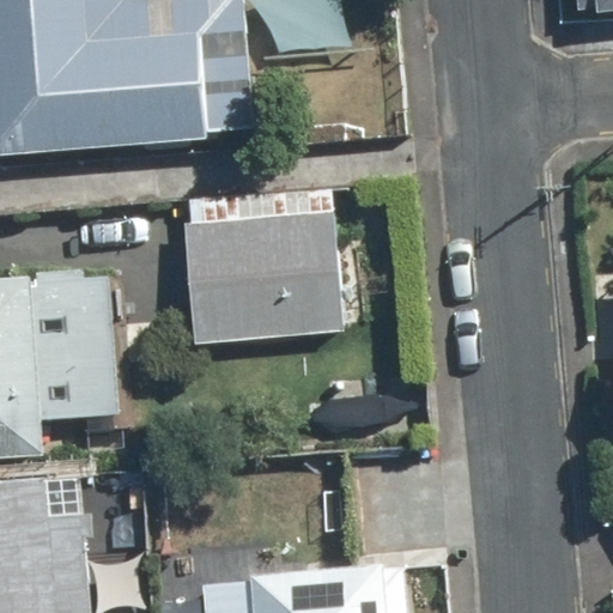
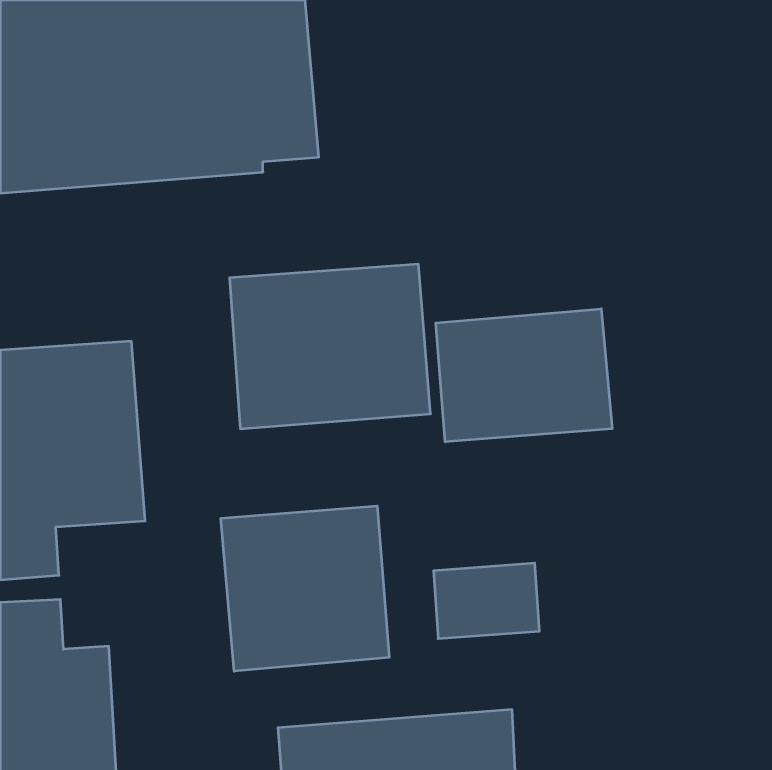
building: none -> [436,309,612,442]
building: none -> [221,506,389,671]

